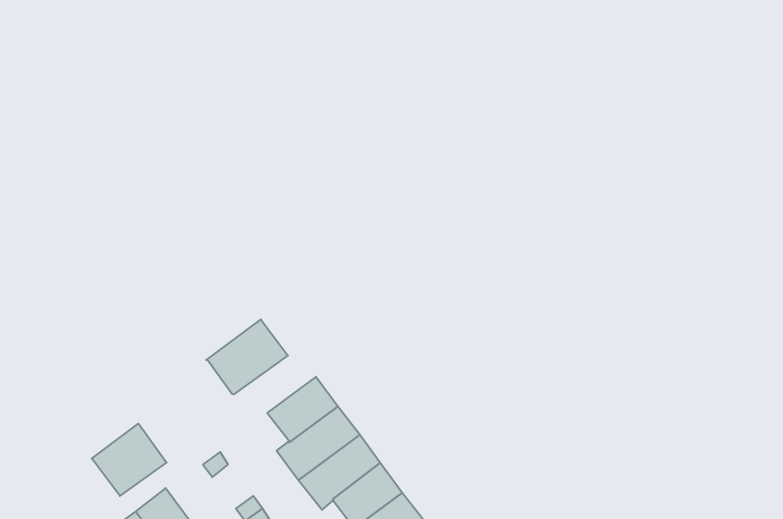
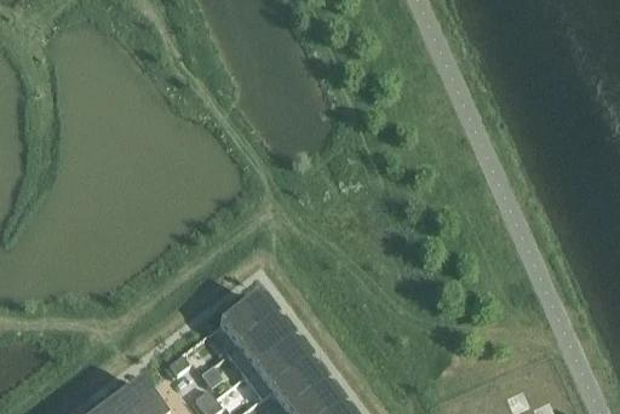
building: [206,319,288,394] -> none
building: [92,424,167,496] -> none

